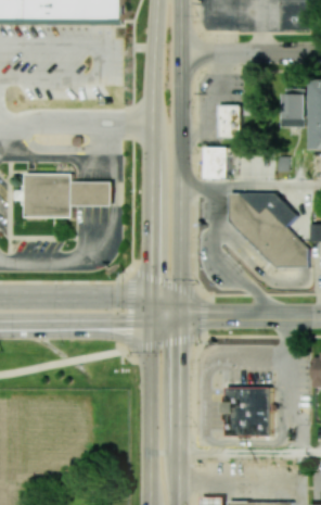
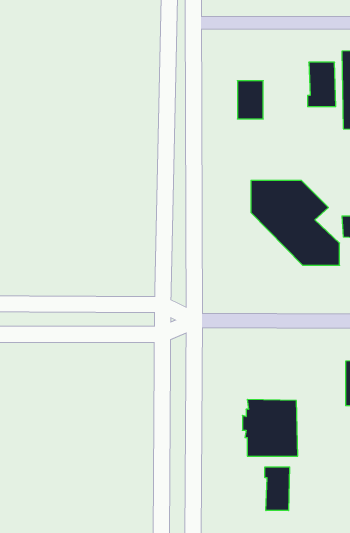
building: [202,147,226,178] -> none
building: [25,172,111,216] -> none
building: none -> [265,467,290,511]

